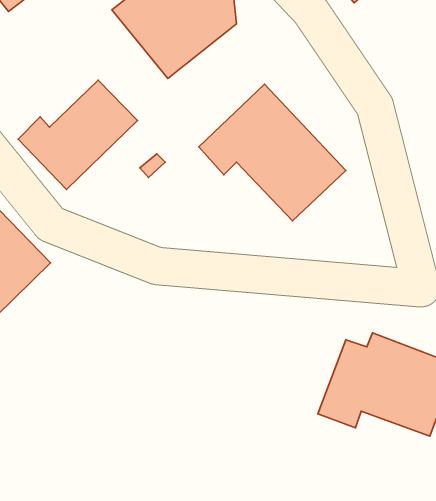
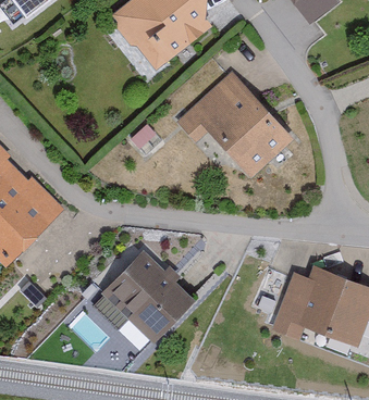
building: [18,80,137,190] -> none
building: none -> [91,250,193,341]

